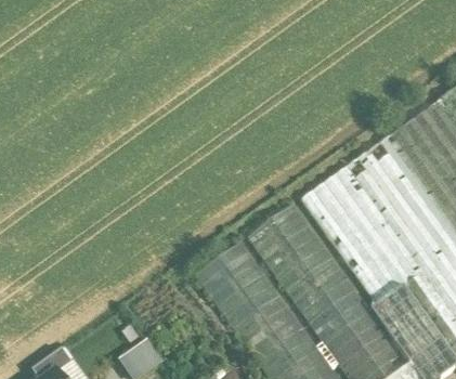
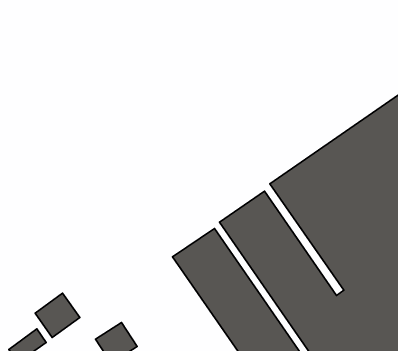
building: none -> [35,293,80,337]

